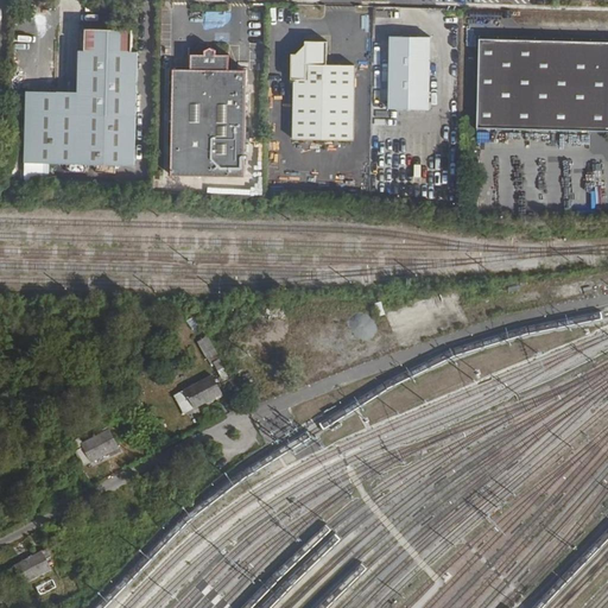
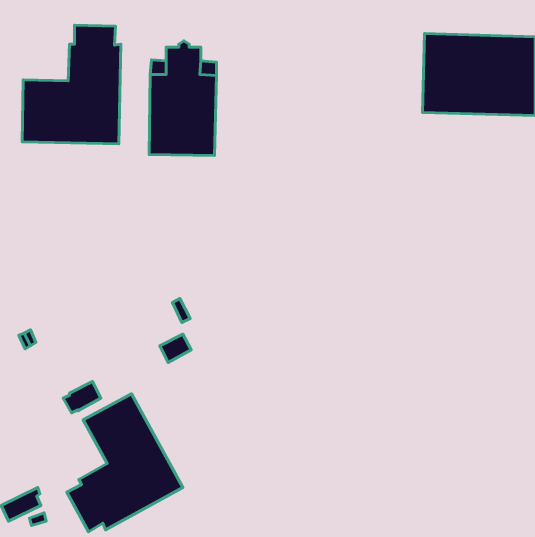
building: [387,36,430,108] -> none
building: [289,39,353,139] -> none
building: none -> [67,394,183,532]

